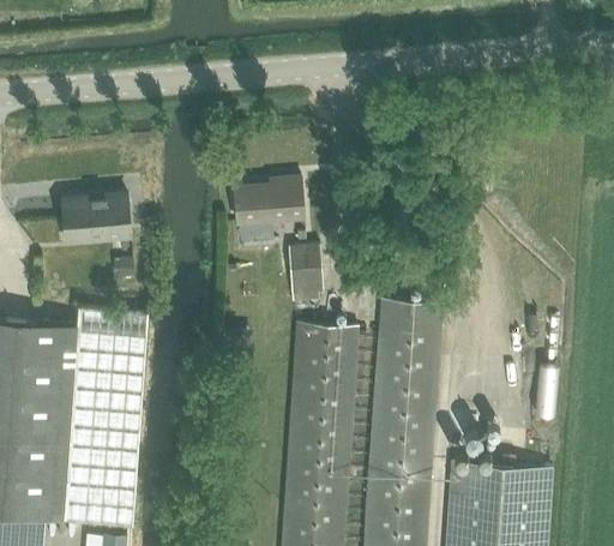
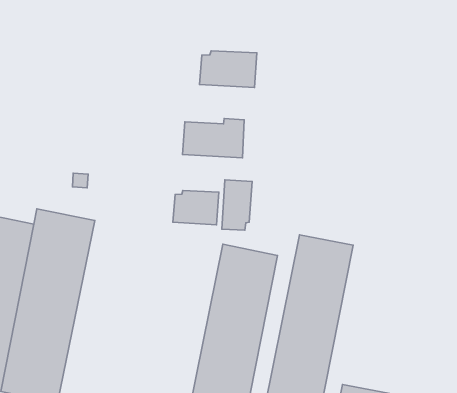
building: none -> [199,51,257,88]
building: [59,197,127,246] -> none
building: none -> [173,191,219,225]

